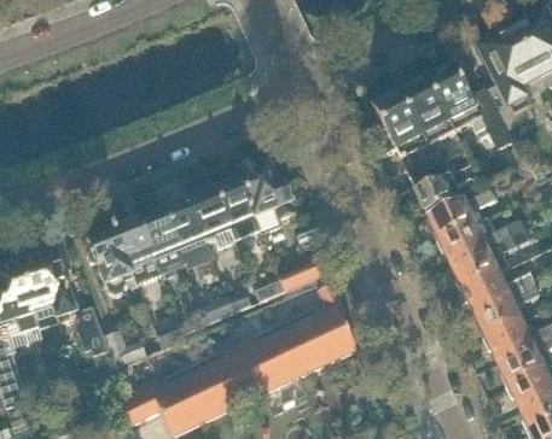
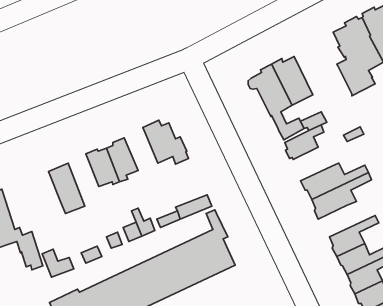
building: [431,66,512,150] -> none
building: [211,178,260,240] -> none
building: [431,189,496,241] -> none
building: [139,206,185,274] -> none
building: [88,229,133,294] -> none
building: [463,273,536,314] -> none

